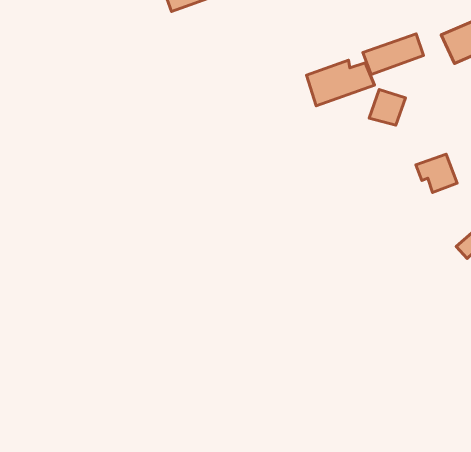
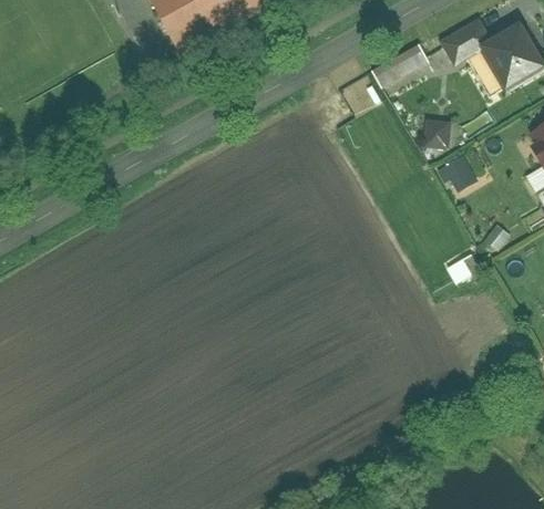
building: [306,60,374,106] -> none
building: [369,90,406,125] -> [418,117,450,149]

